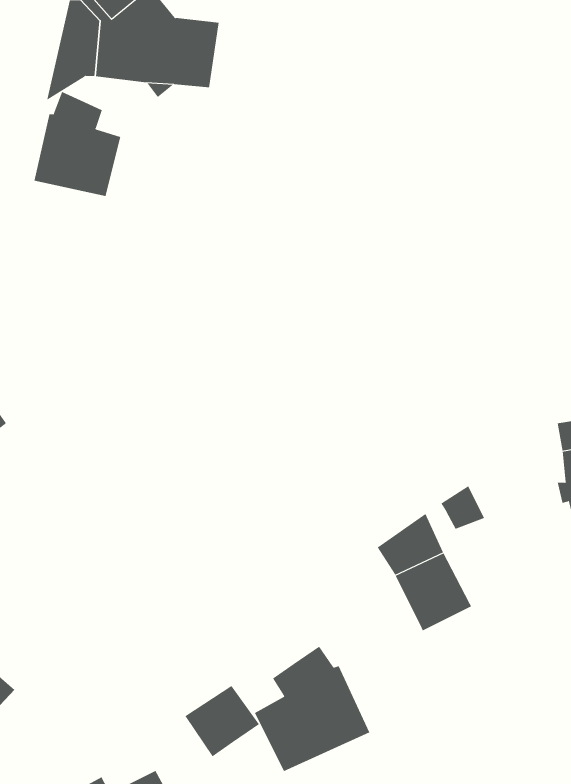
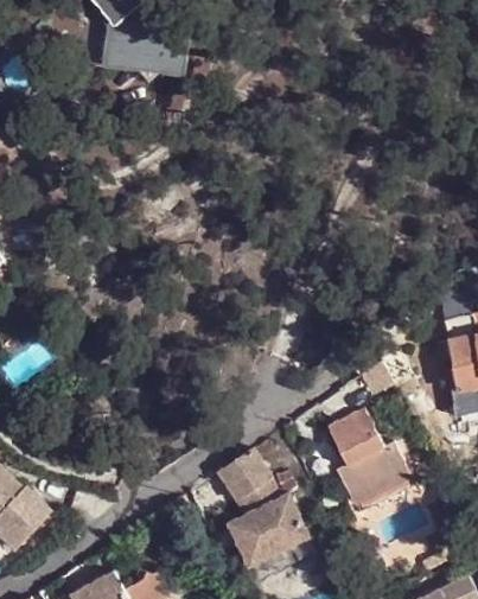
building: [34,91,121,197] -> none
building: none -> [337,444,409,504]
building: [184,685,260,757] -> [218,450,273,502]

